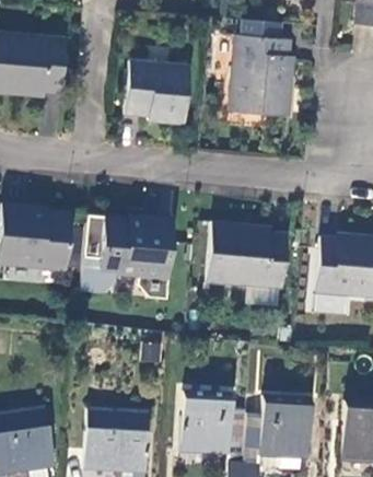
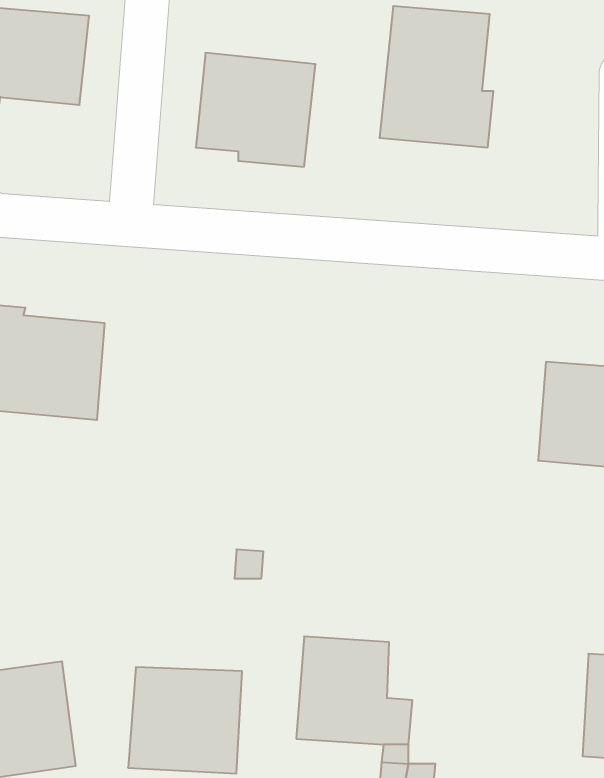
building: [80,216,174,301] -> none
building: [208,222,287,290] -> none
building: [260,397,313,458] -> none

